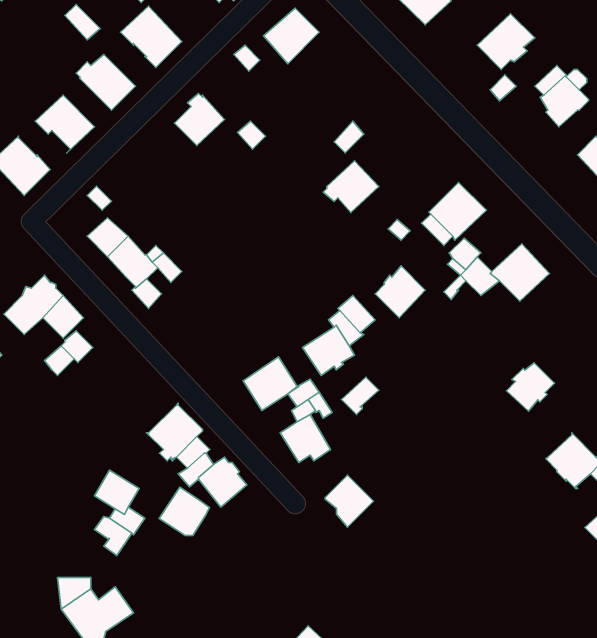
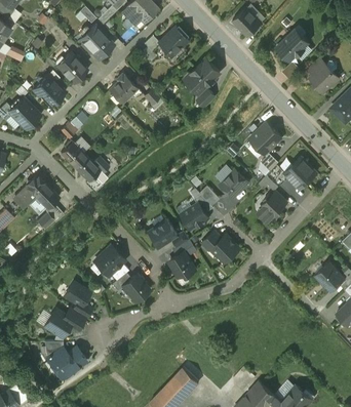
building: [323,161,379,213] -> [189,58,220,87]
building: [506,363,555,411] -> [260,192,286,218]
building: [325,475,374,527] -> [212,235,239,263]
building: [159,487,209,535] -> [44,309,72,335]

